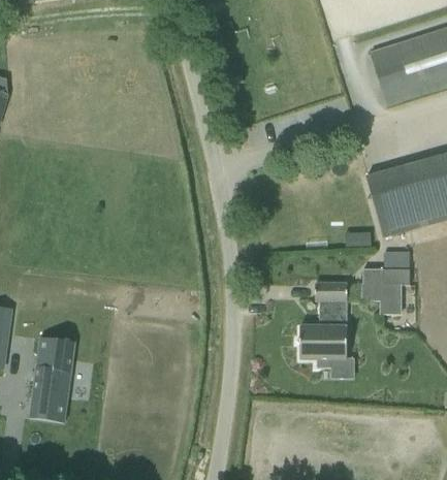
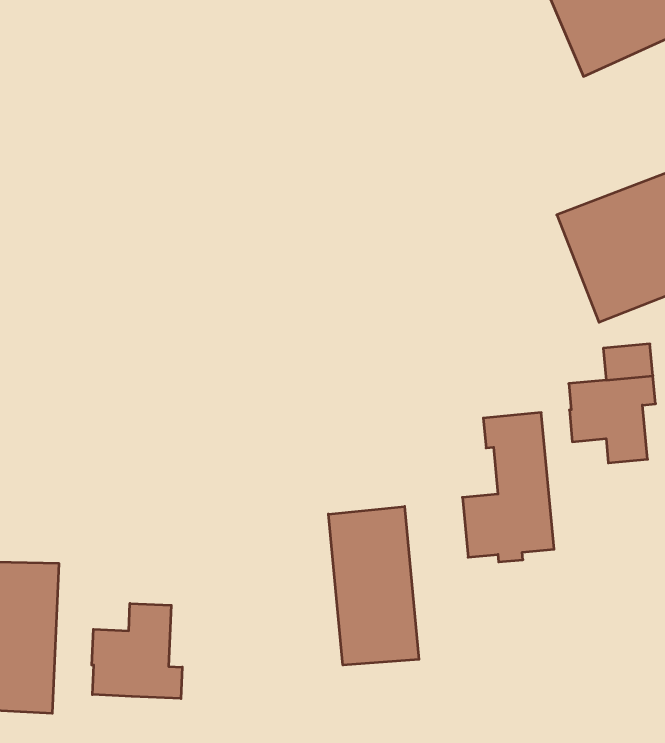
building: none -> [328,506,419,665]
building: none -> [92,603,182,699]

